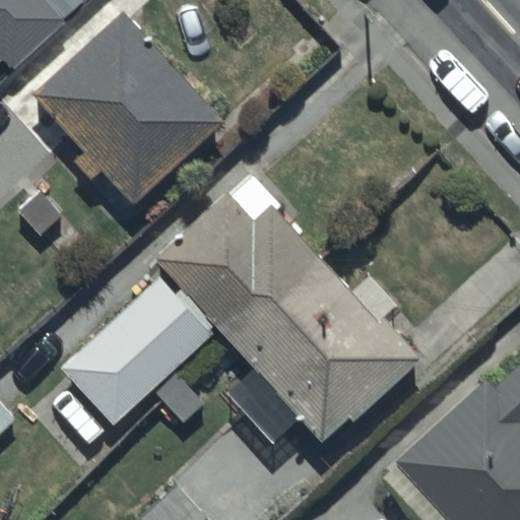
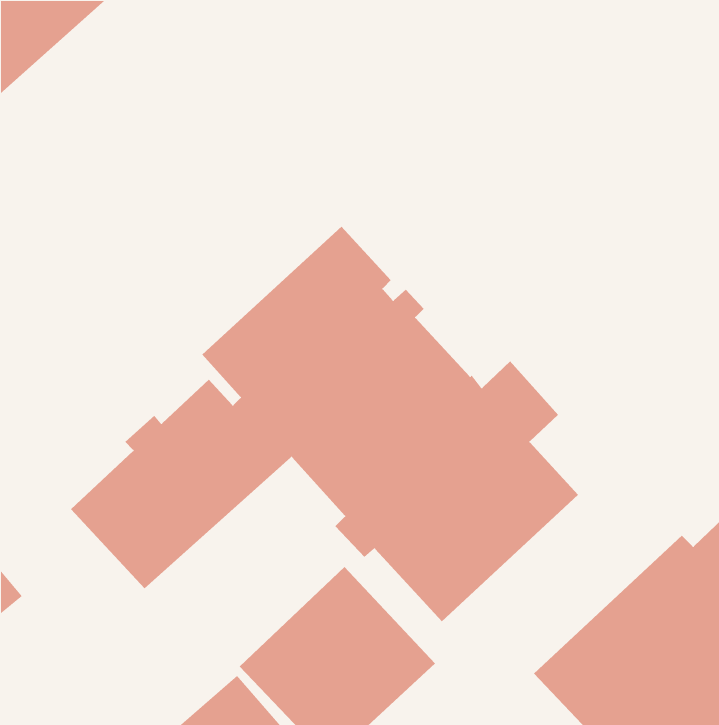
building: [37,18,231,216] -> none

